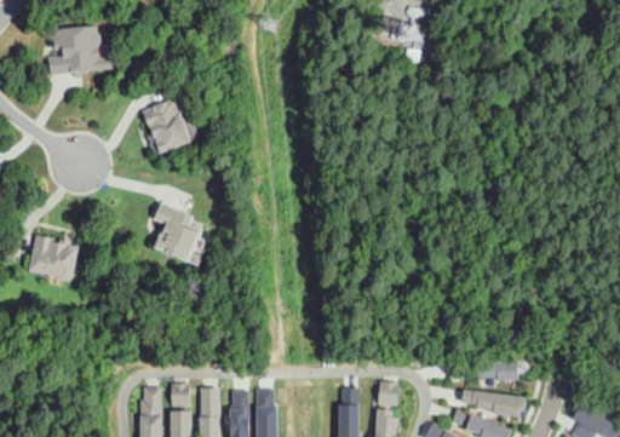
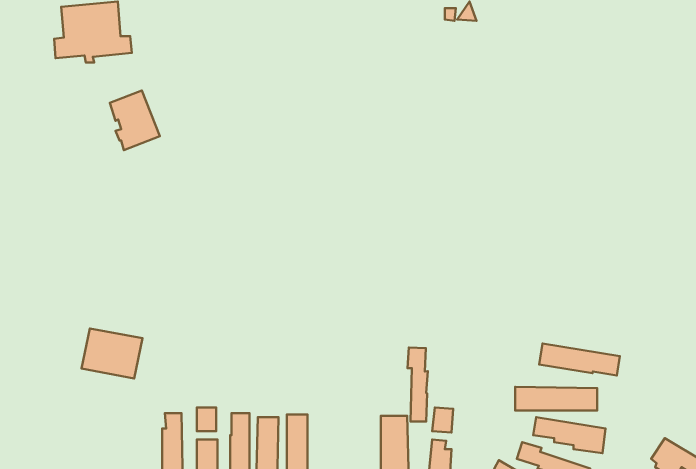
building: [144,102,188,154] -> [110,90,160,150]
building: [155,207,205,257] -> none
building: [30,240,84,283] -> [82,328,143,378]
building: none -> [539,344,620,375]
building: none -> [407,348,428,421]

